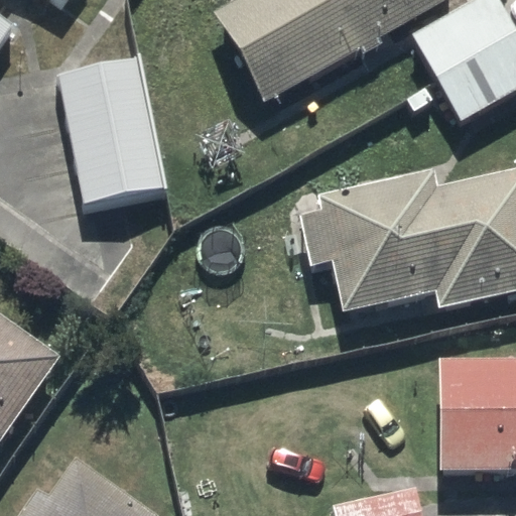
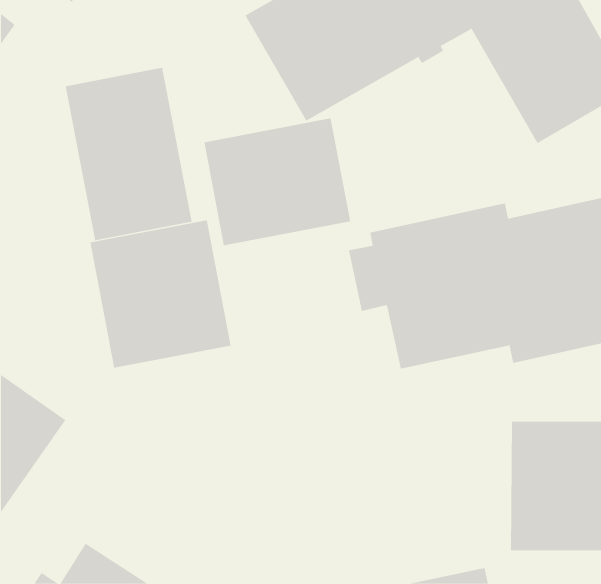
building: none -> [204,117,351,246]
building: none -> [90,219,231,369]

